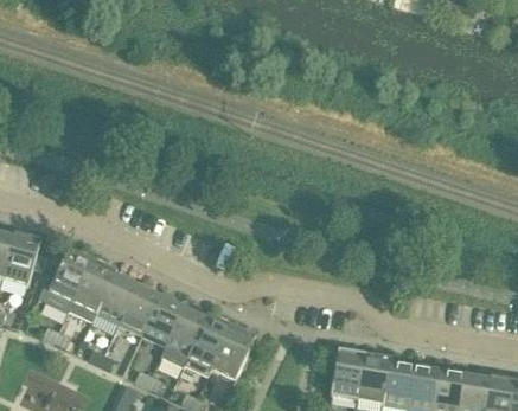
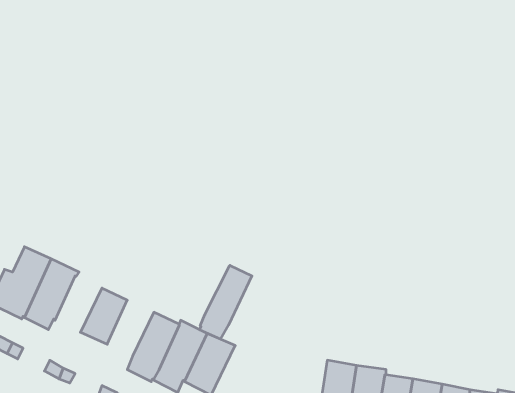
building: none -> [200,265,252,339]
building: [97,275,139,325] -> none
building: [143,296,185,346] -> none

